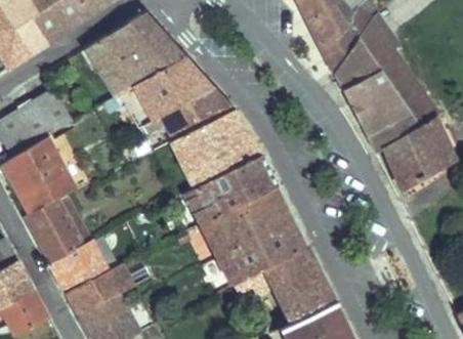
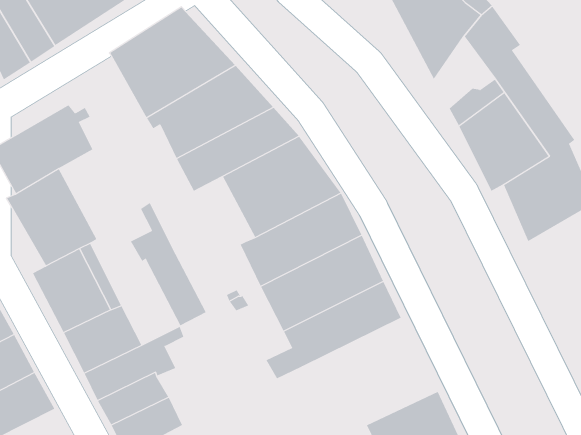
building: [331,35,377,89] -> none
building: none -> [130,202,206,326]
building: [232,247,334,328] -> none

